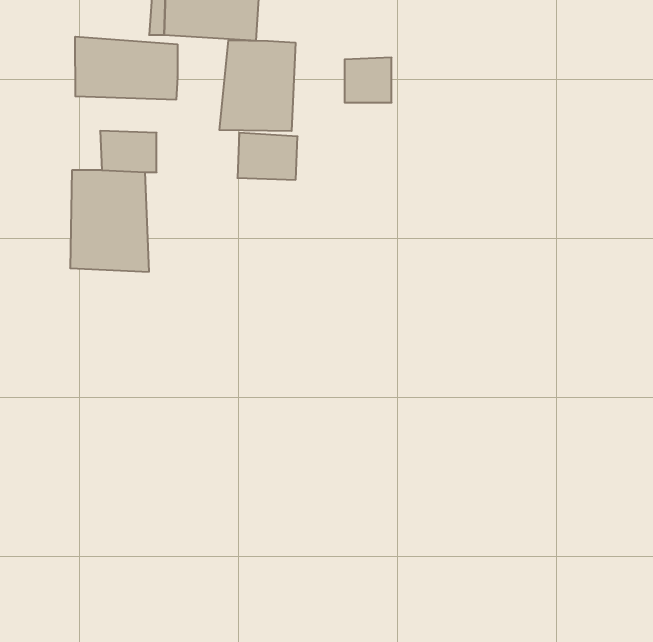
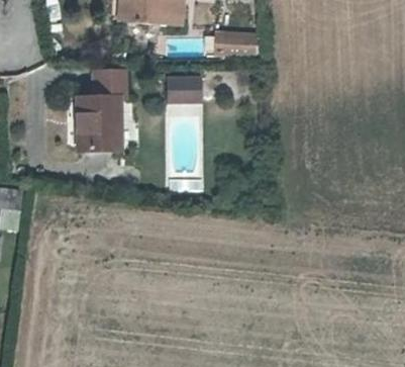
building: [75,37,177,100] -> none
building: [219,40,295,131] -> none

